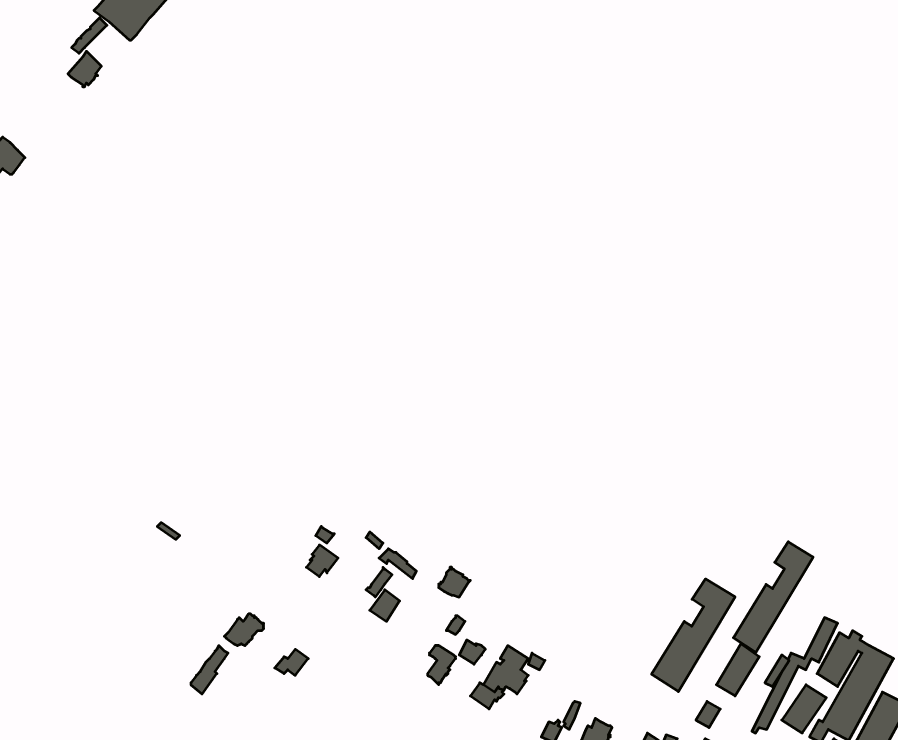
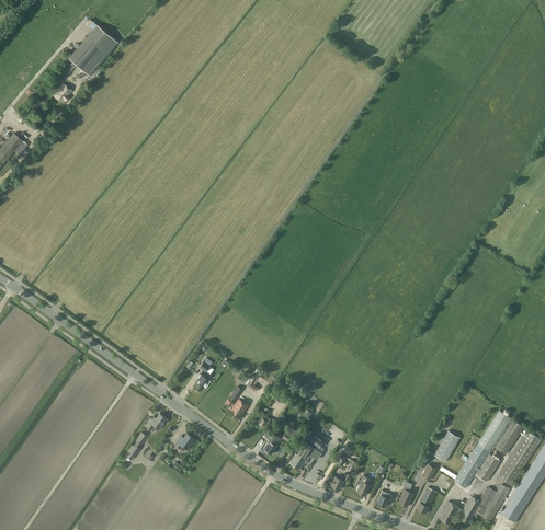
building: [733,542,813,652] -> none
building: [652,579,735,692] -> none

